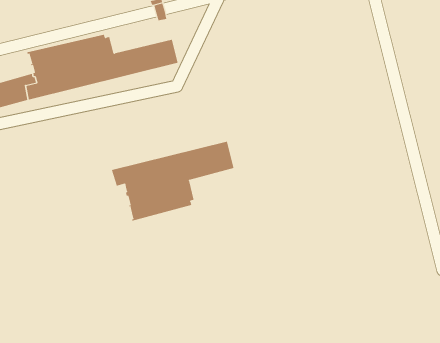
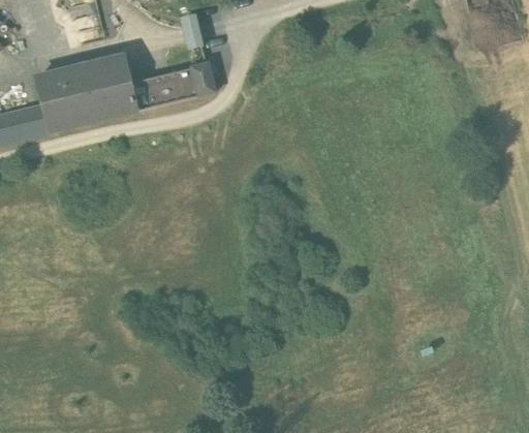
building: [111,141,234,222] -> none

